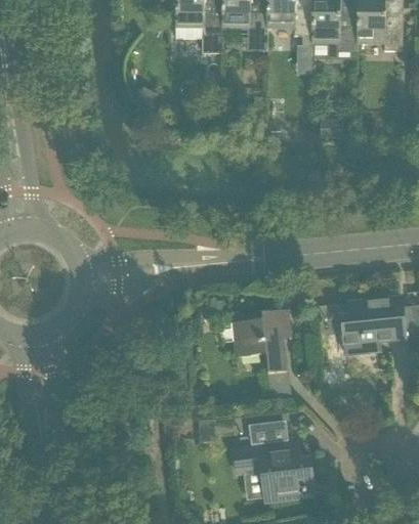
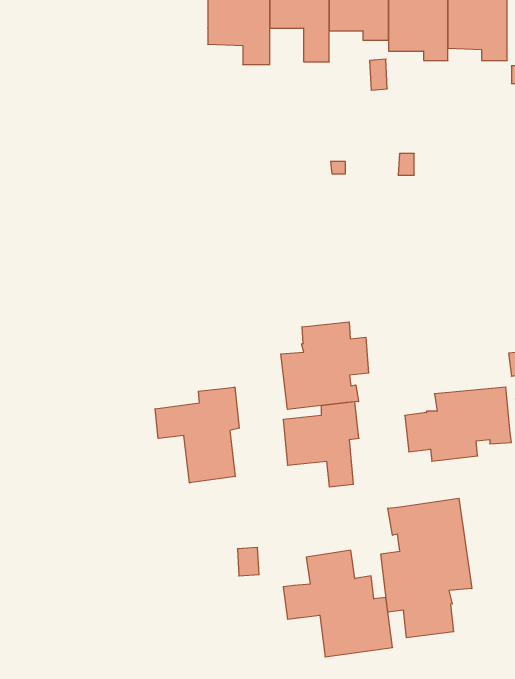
building: none -> [281,322,369,409]
building: none -> [155,387,239,483]
building: none -> [381,498,472,638]

